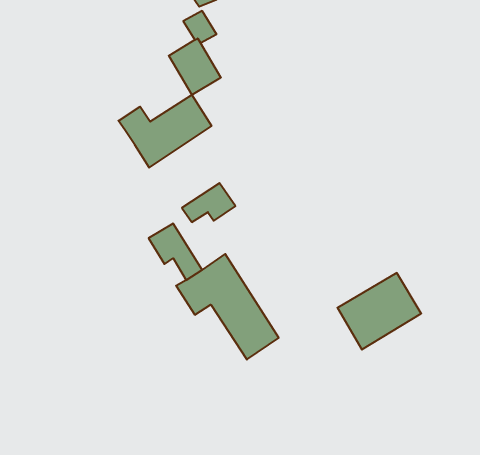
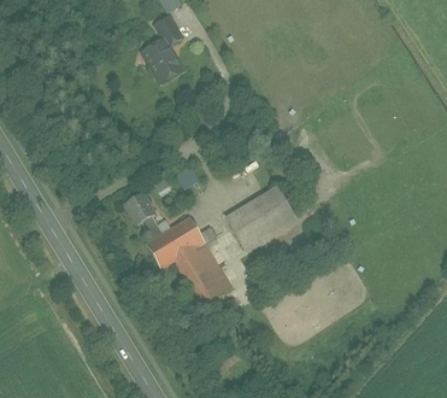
building: [118,95,211,168] -> none
building: [337,273,421,350] -> [227,187,296,251]

